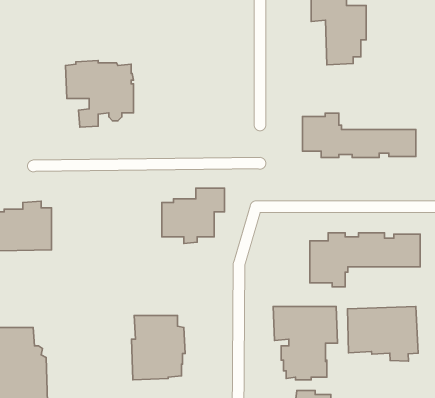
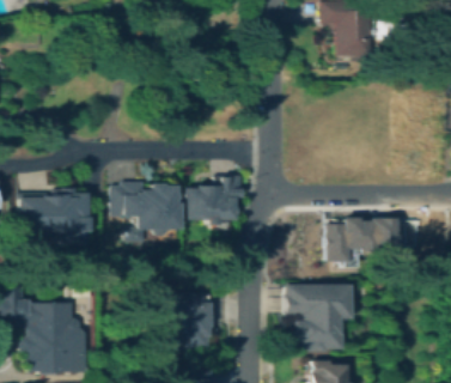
building: [65,60,134,127] -> [116,182,178,243]
building: [302,113,416,158] -> none
building: [347,306,418,361] -> none

